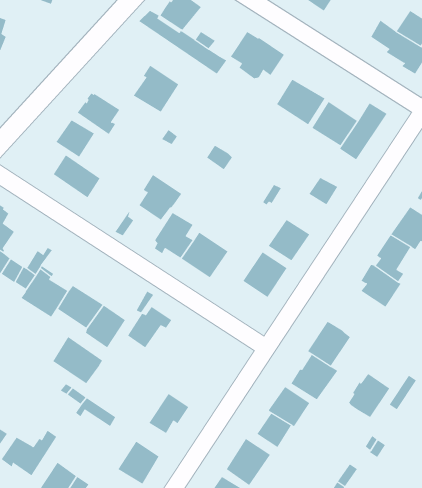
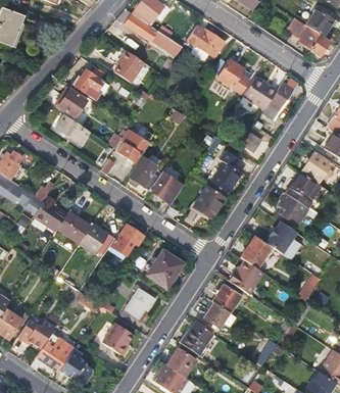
building: [52,336,103,384] -> none
building: none -> [146,251,180,288]
building: [348,373,390,418] -> [265,220,296,253]

